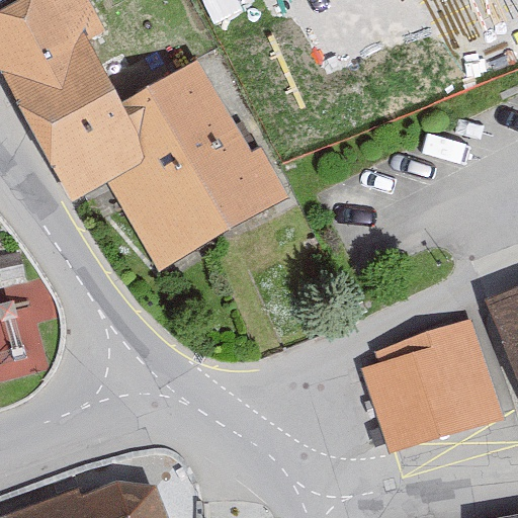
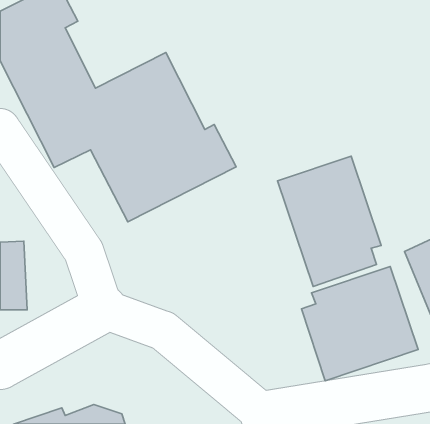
building: none -> [278,156,381,287]

